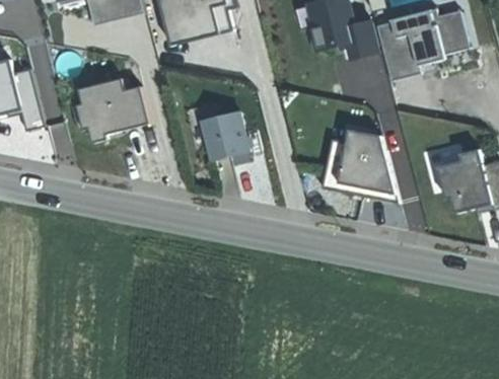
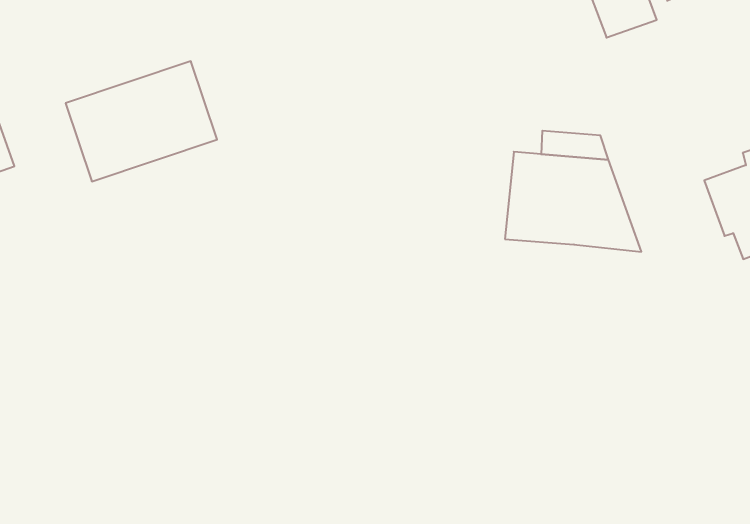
building: [195,113,241,162] -> none

